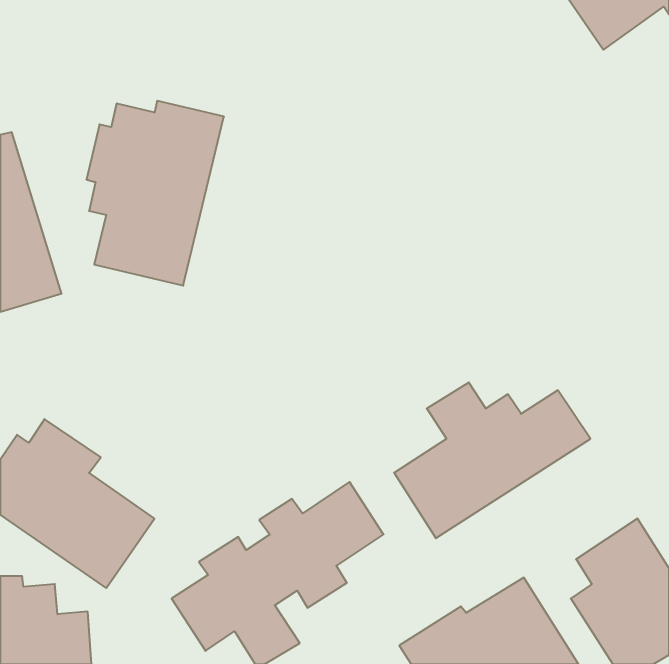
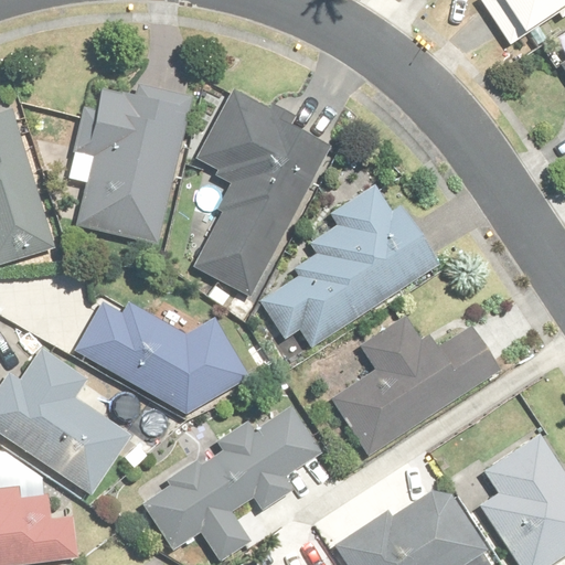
building: none -> [195,92,326,296]
building: none -> [260,188,435,344]
building: none -> [79,303,239,412]

